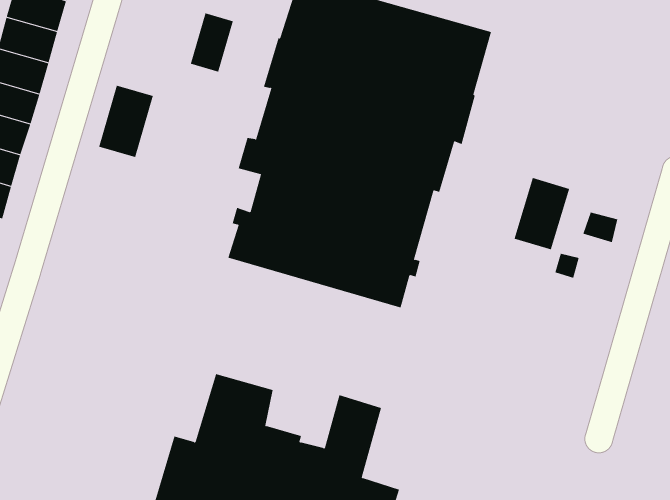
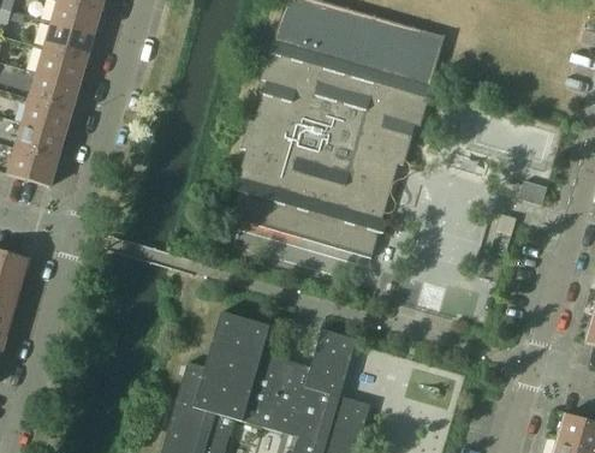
building: [190,13,233,73] -> none
building: [98,85,153,158] -> none
building: [514,177,570,250] -> none

